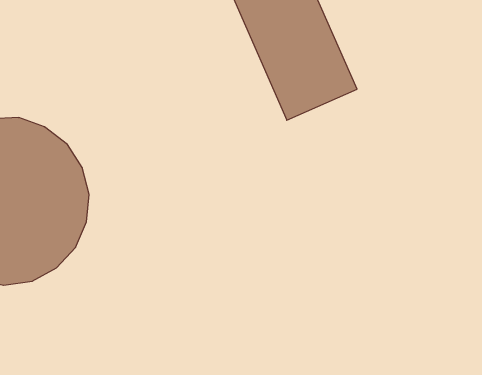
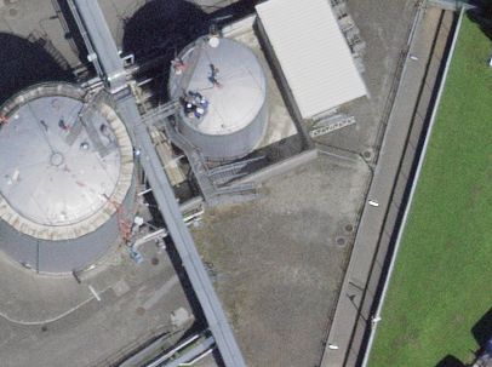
building: none -> [168,57,268,155]

